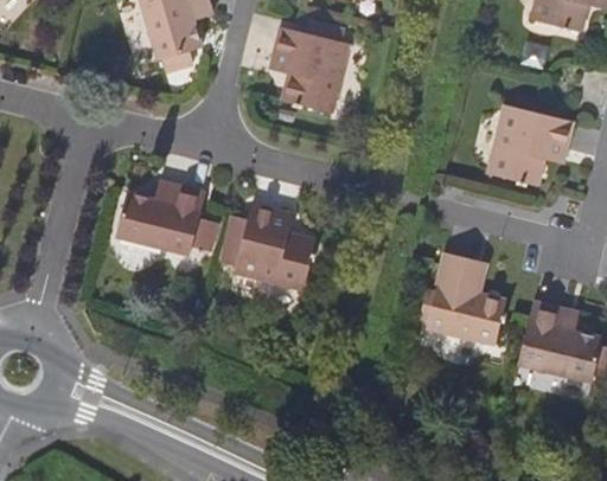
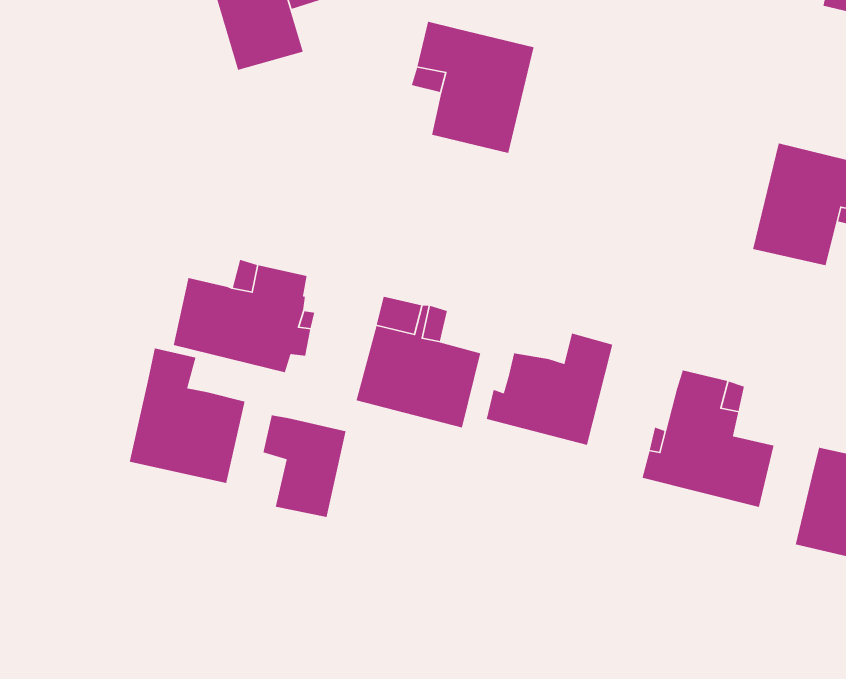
building: none -> [486,332,613,446]
building: none -> [129,348,246,484]
building: none -> [262,414,346,518]

